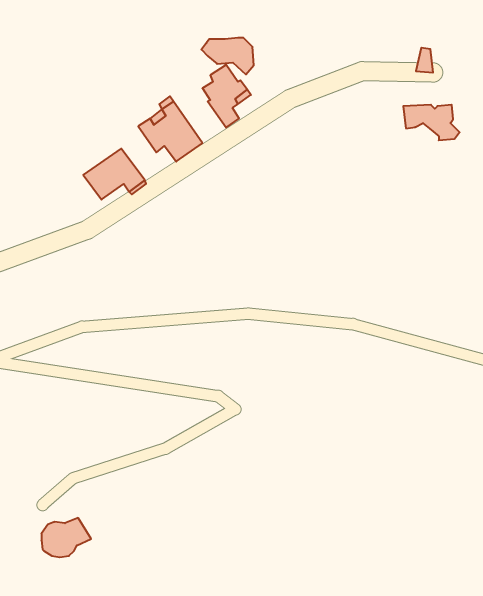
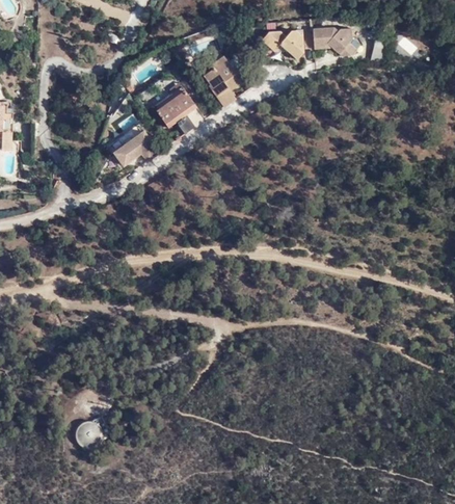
building: [201,38,254,74] -> [264,31,305,60]
building: [403,105,460,140] -> [315,29,359,57]

